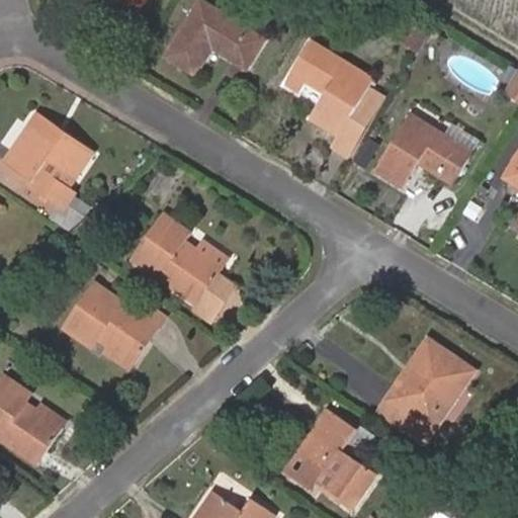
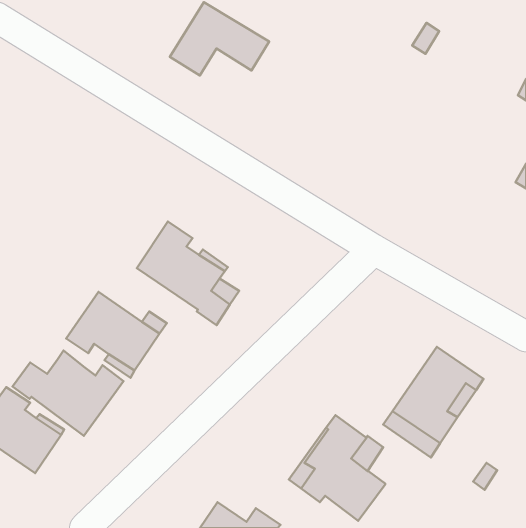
building: [287,42,382,156] -> none
building: [376,115,469,186] -> none
building: [4,116,94,228] -> none
building: none -> [13,350,123,436]

